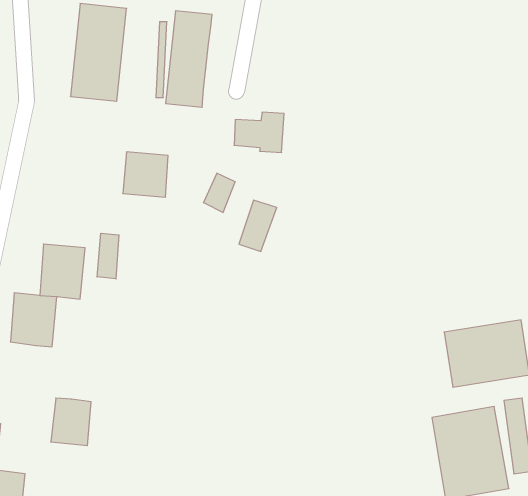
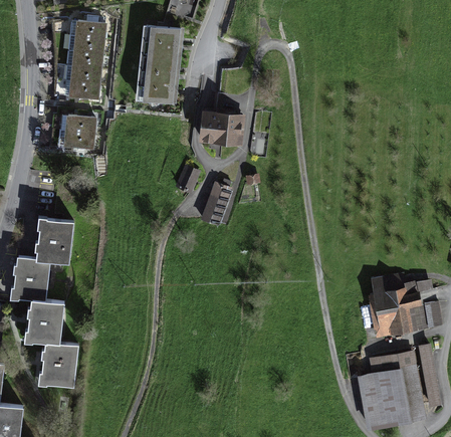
building: [123,152,168,197] -> [62,115,99,152]
building: [97,233,119,279] -> none
building: none -> [29,300,67,345]

